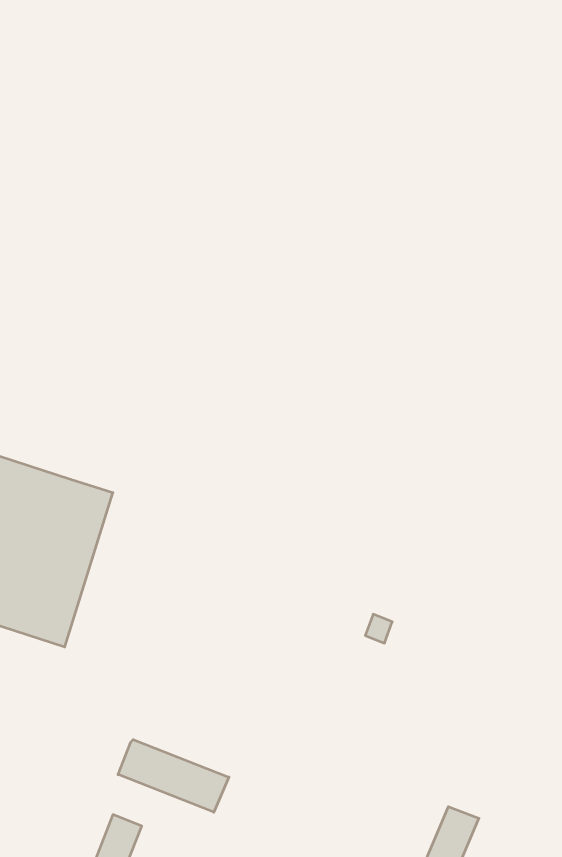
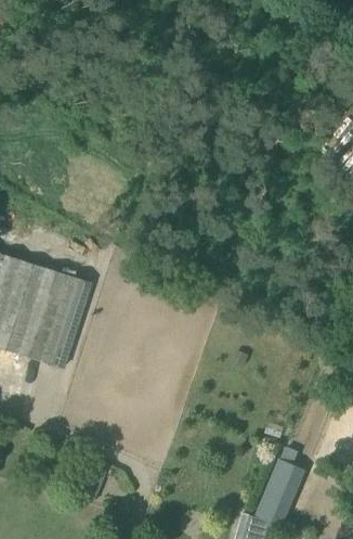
building: [118,740,229,812] -> none

